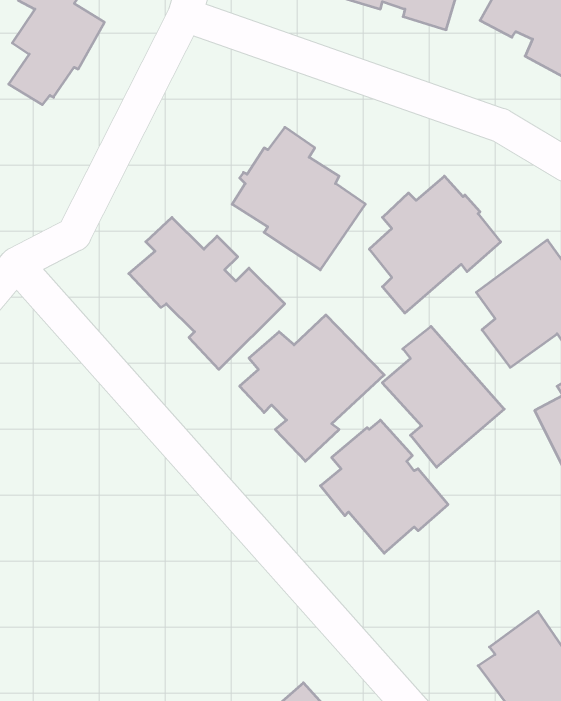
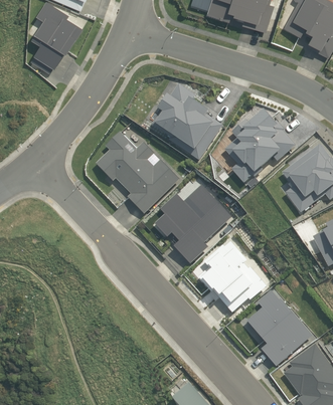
building: [382,326,504,467] -> [246,289,312,365]

